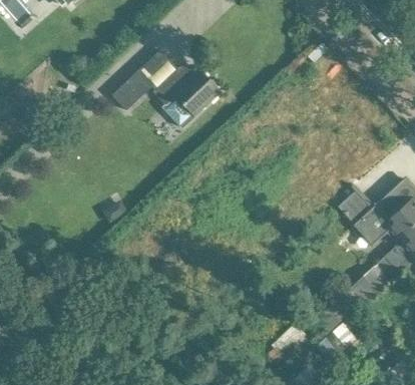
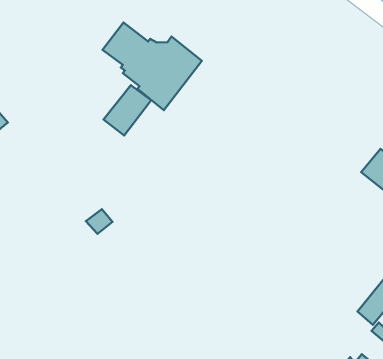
building: [109,69,151,110] -> [104,85,151,136]

